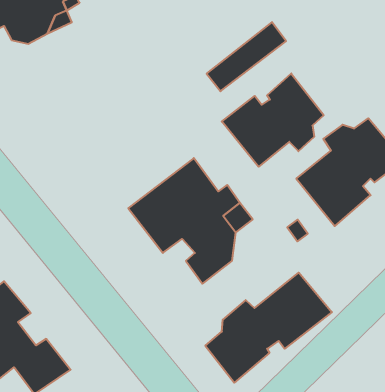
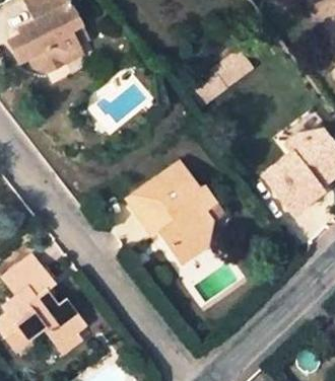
building: [222,73,324,167] -> none
building: [205,273,332,383] -> none

